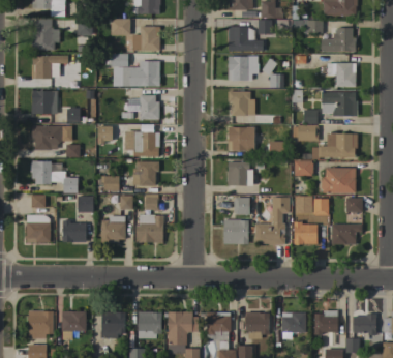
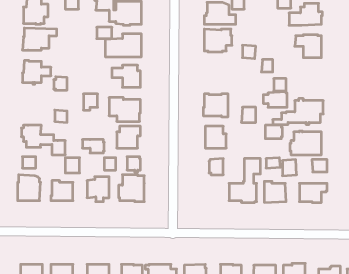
building: [229,91,255,116] -> none
building: [322,92,358,116] -> none
building: [31,125,62,149] -> none
building: [223,219,248,244] -> none

